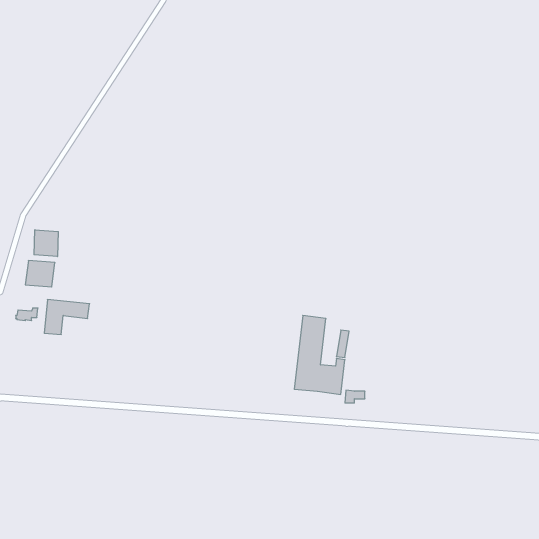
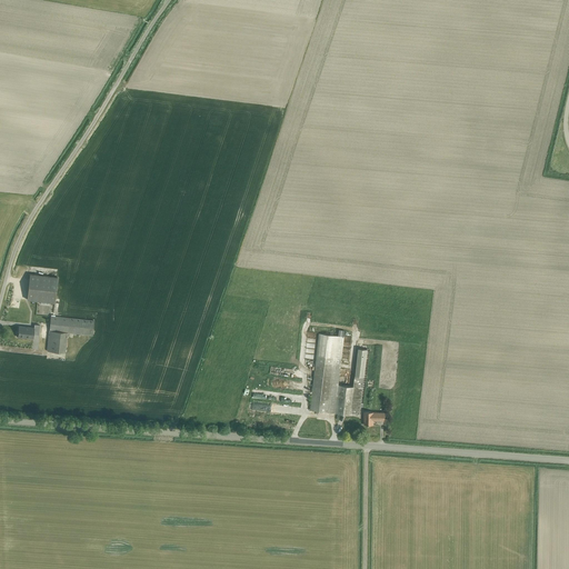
building: [34,230,58,257] -> none

